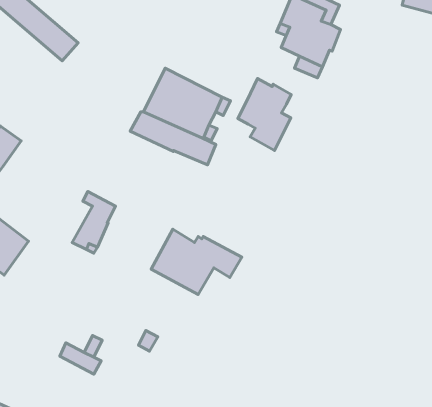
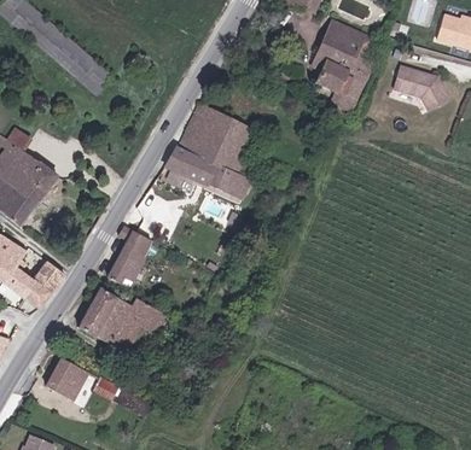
building: none -> [394,65,450,112]
building: [238,79,291,151] -> none
building: [151,229,242,295] -> [77,287,168,352]
building: none -> [45,357,87,401]

